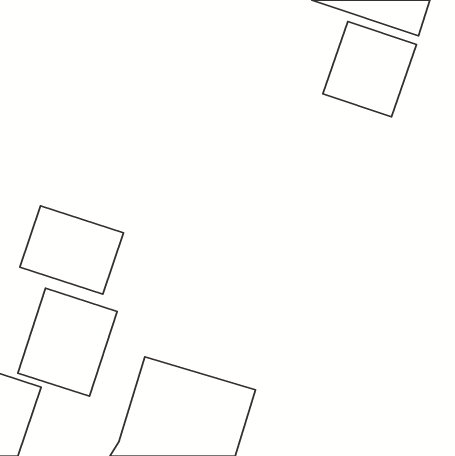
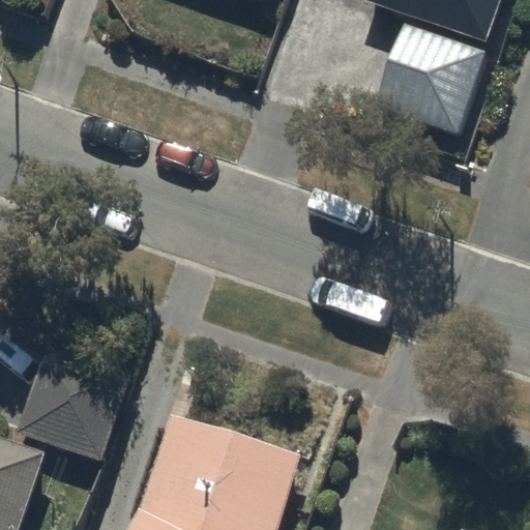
building: [20,206,123,294] -> none

